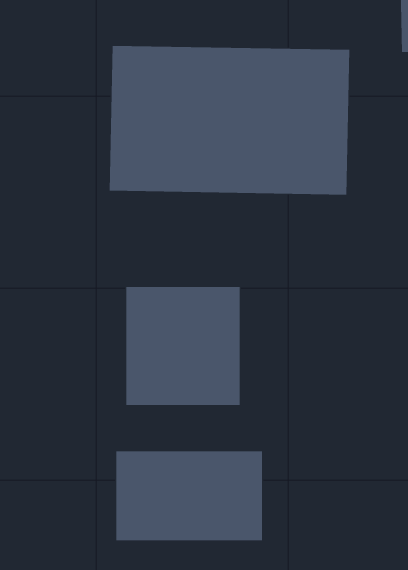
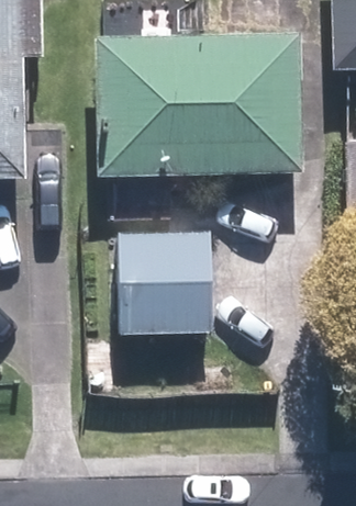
building: [116,450,262,541] -> none

